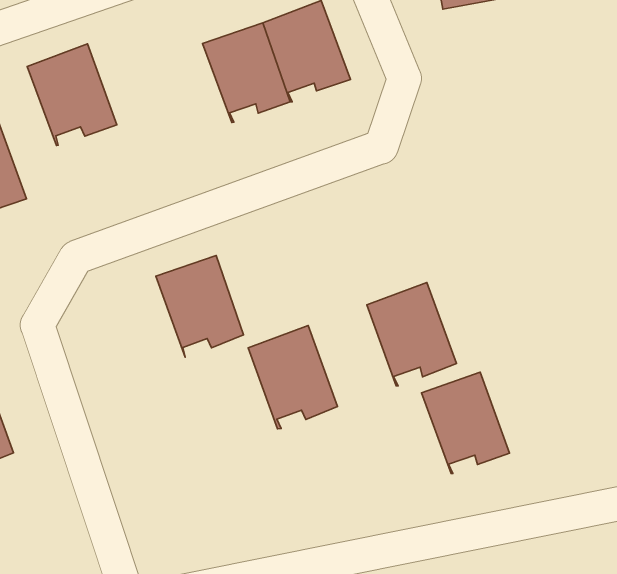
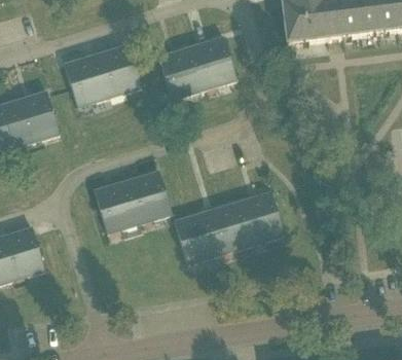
building: none -> [97,43,142,97]
building: none -> [94,179,140,232]
building: [422,372,509,474] -> [207,201,252,254]

